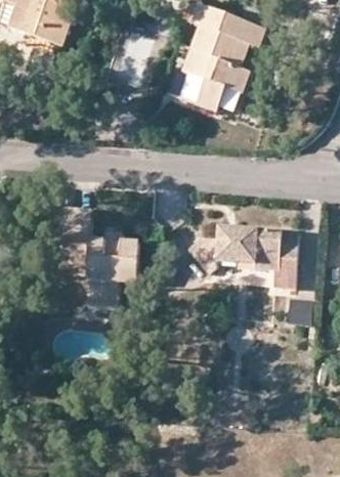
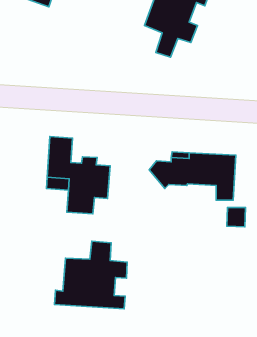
building: none -> [55,241,127,309]

